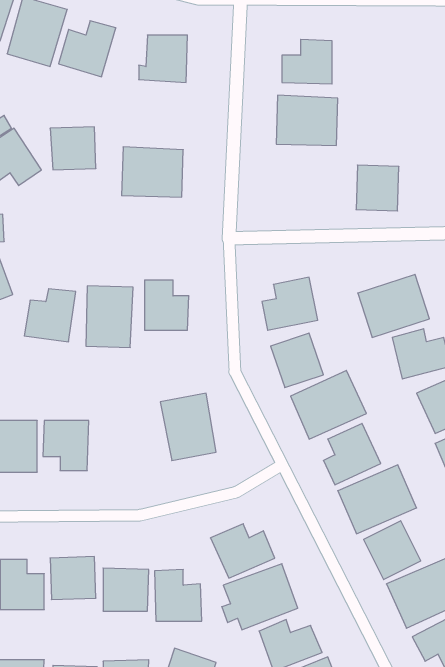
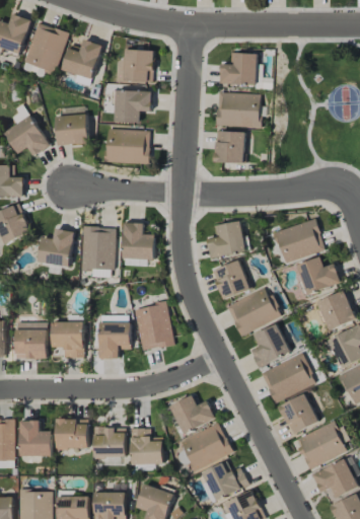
building: none -> [116,90,152,122]
building: [356,165,399,211] -> [215,131,245,163]
building: none -> [99,322,131,359]

